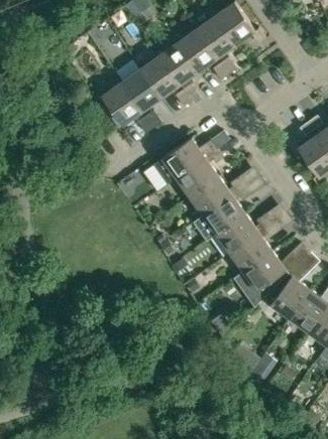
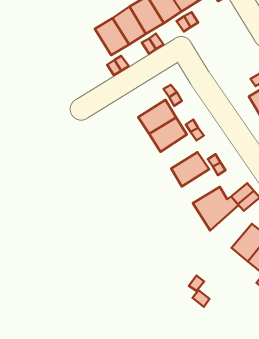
building: [102,83,141,125] -> none
building: [151,138,205,185] -> none
building: [203,194,244,234] -> none
building: [229,232,271,271] -> none
building: [269,276,310,318] -> none

